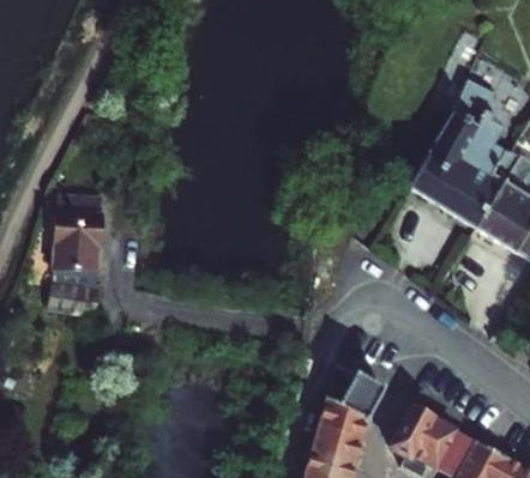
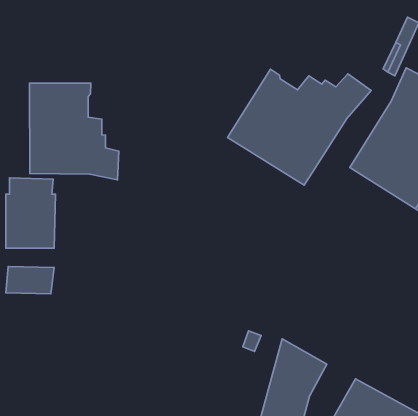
building: none -> [227,69,371,185]
building: none -> [29,83,119,180]

